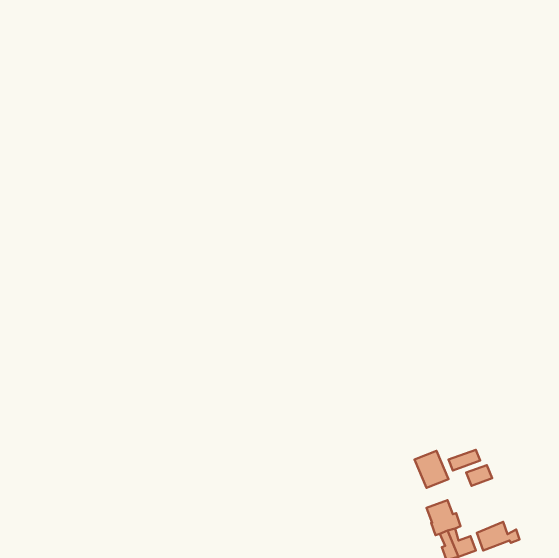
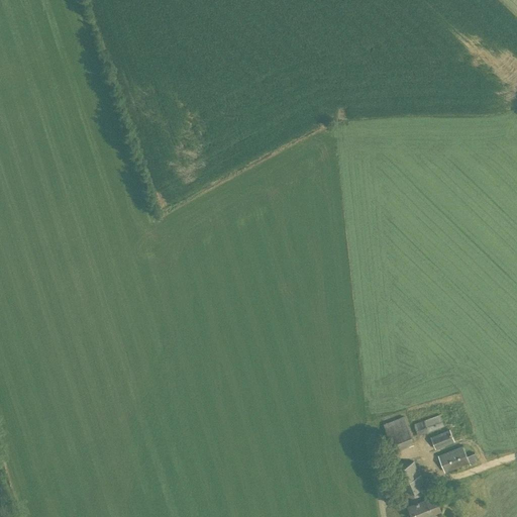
building: [477,522,519,550] -> [438,446,478,473]

